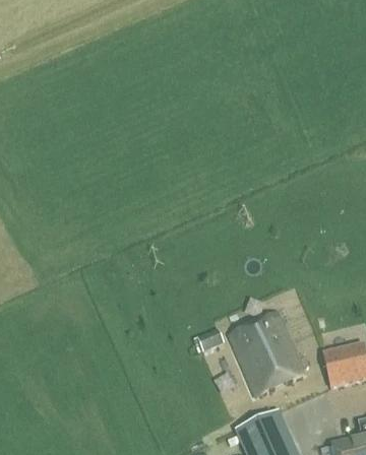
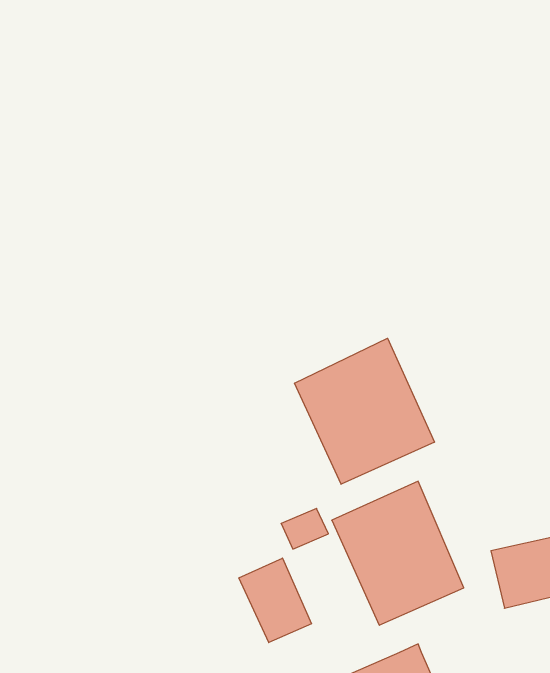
building: none -> [295,338,434,484]
building: none -> [239,558,312,643]

